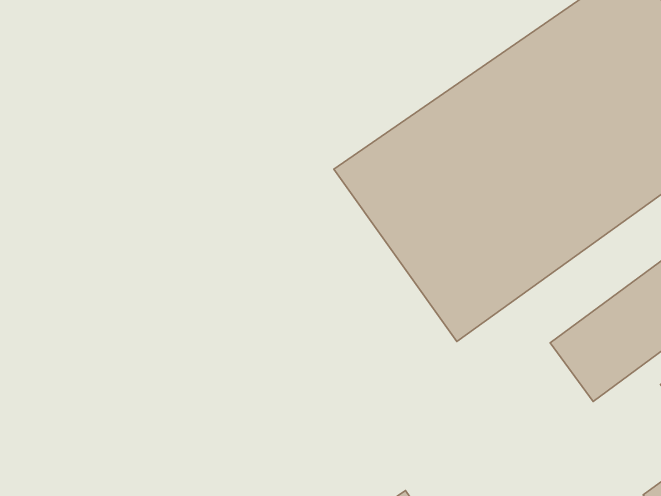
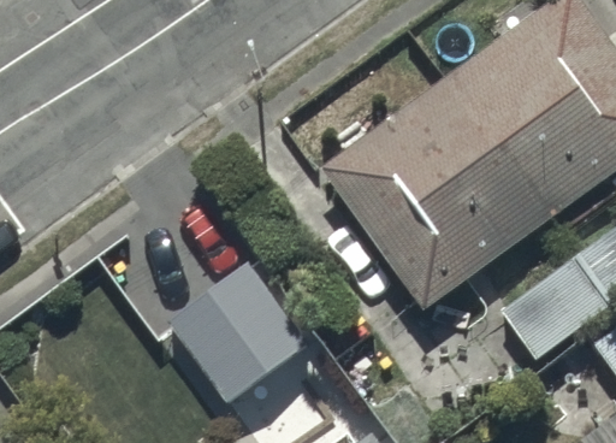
building: none -> [167,264,308,407]

